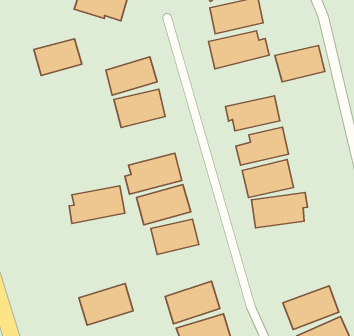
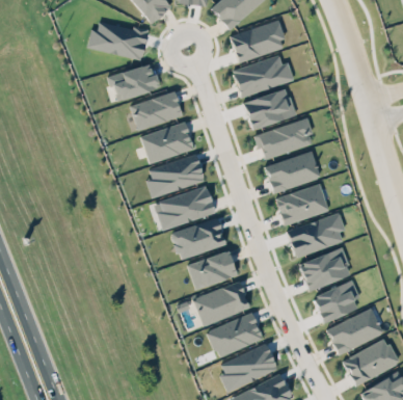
building: [34,39,82,76] -> [110,62,160,102]
building: [275,45,325,82] -> [244,89,296,129]
building: [69,186,125,224] -> [147,155,205,196]
building: none -> [300,247,352,291]
building: none -> [313,281,360,322]
building: [79,284,133,325] -> [194,281,250,325]

